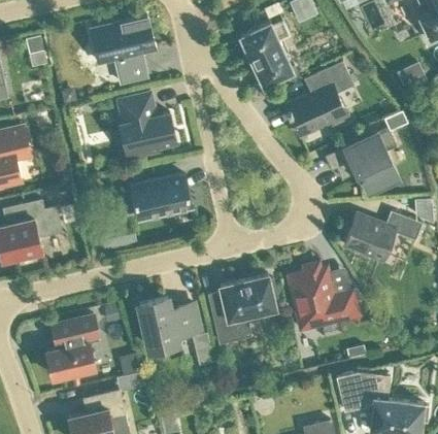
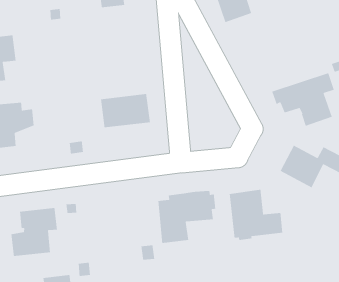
building: [285,61,351,137] -> none
building: [119,95,176,159] -> none
building: [139,299,200,349] -> none

